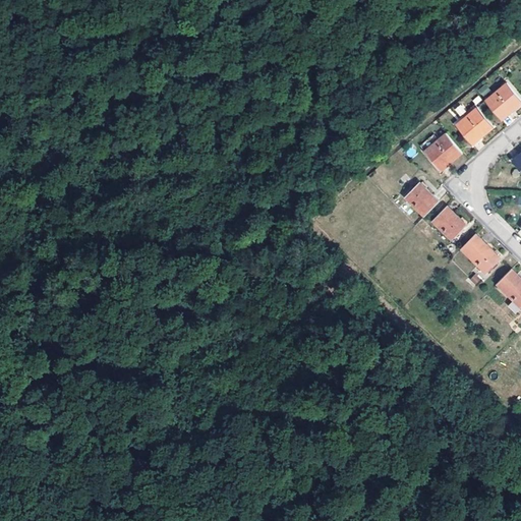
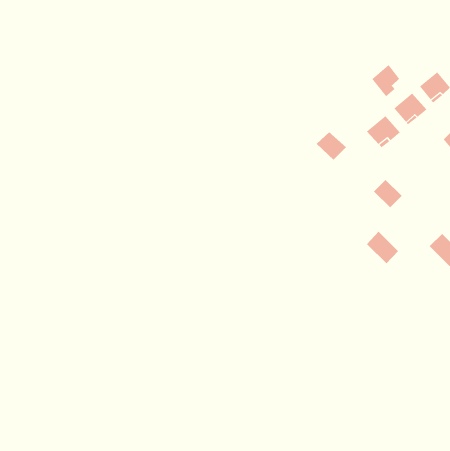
building: none -> [371,64,400,97]
building: [404,182,440,216] -> [316,131,347,161]
building: [461,234,499,273] -> [366,231,399,264]

